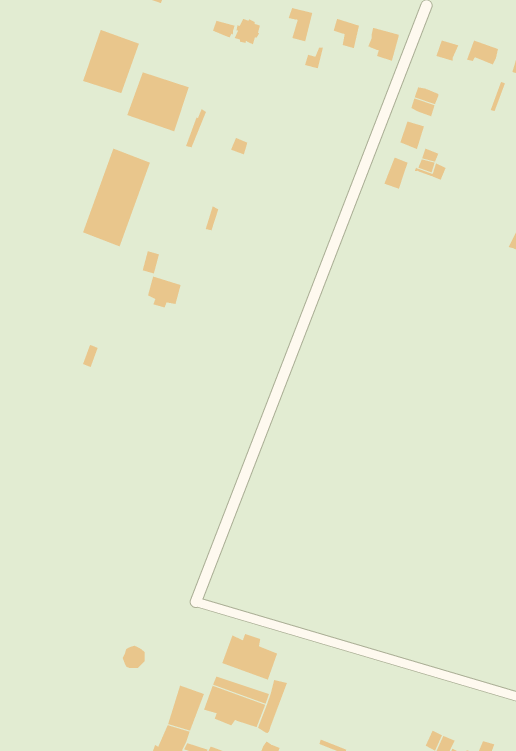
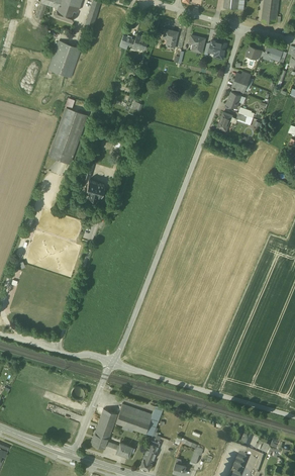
building: [126,71,189,132] -> none
building: [221,633,278,681] -> none

